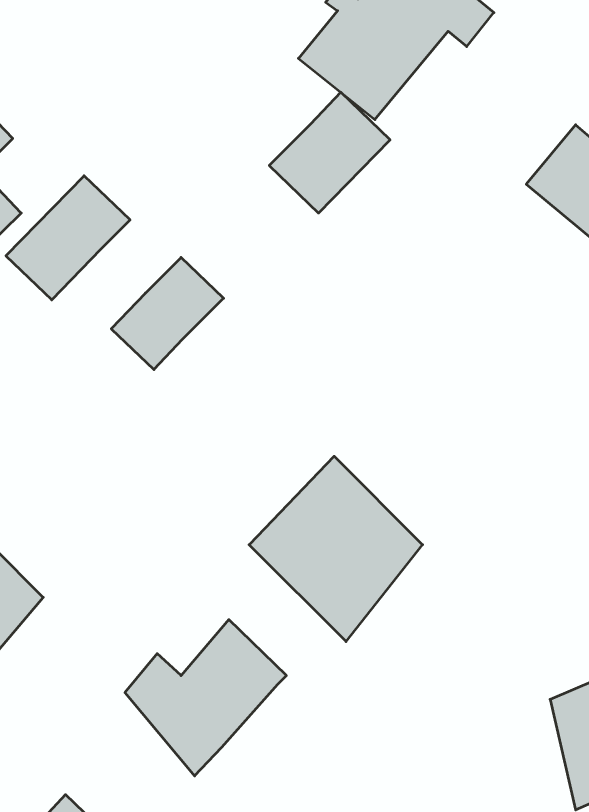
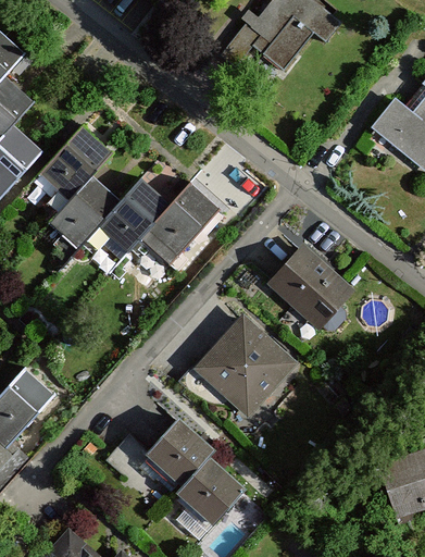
building: [269,92,390,213] -> [146,186,223,263]
building: none -> [45,175,122,253]
building: none -> [267,240,353,341]
building: none -> [171,454,243,531]

